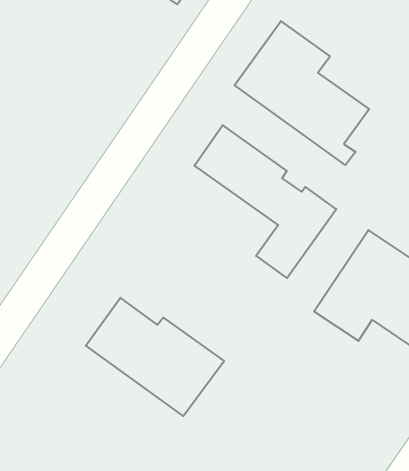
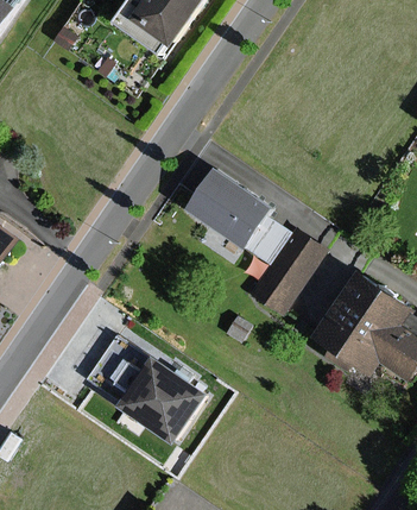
building: [235,21,369,165] -> none

